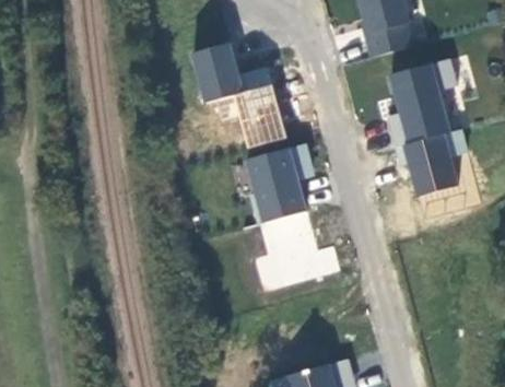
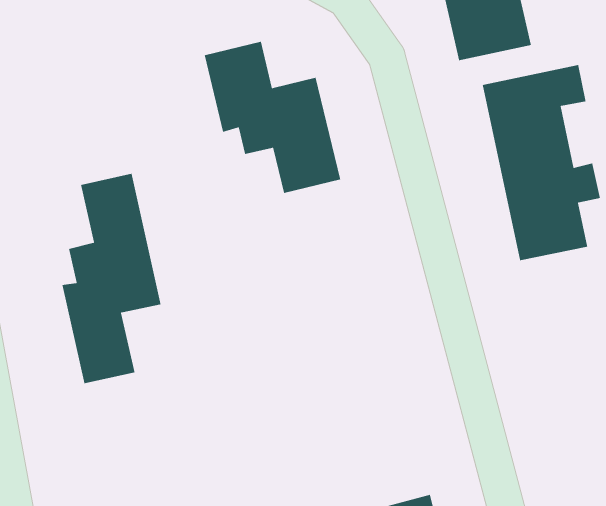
building: none -> [61,173,161,384]
building: [244,144,340,291] -> none

